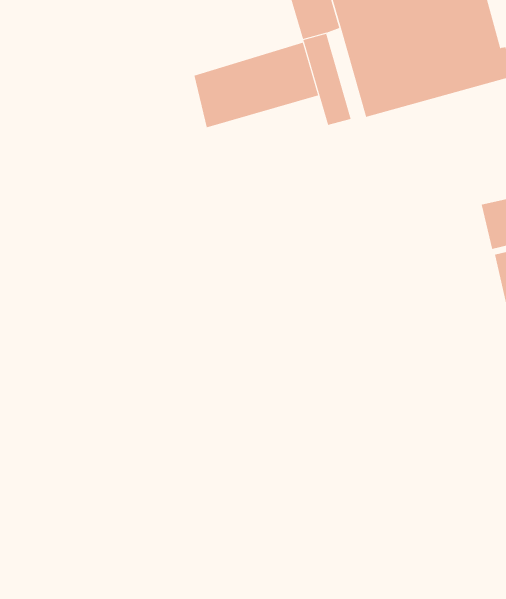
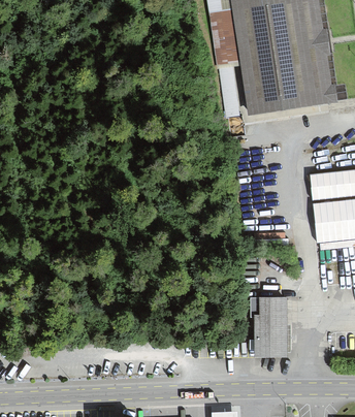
building: [194,42,319,128] -> none
building: none -> [250,298,287,360]

